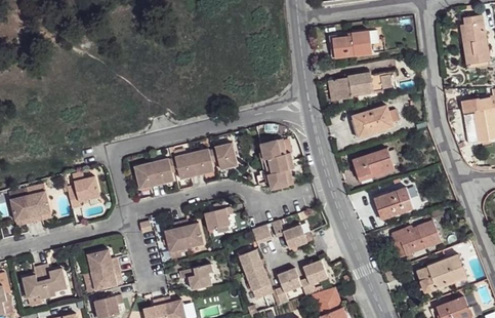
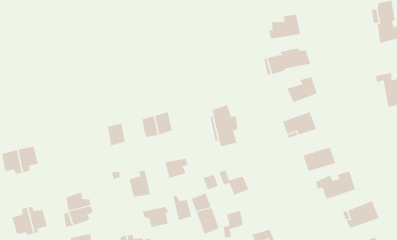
building: [215,144,241,169] -> none
building: [155,158,174,185] -> none
building: [66,175,97,208] -> none
building: [182,217,206,248] -> [172,195,192,221]
building: [300,263,329,294] -> none

